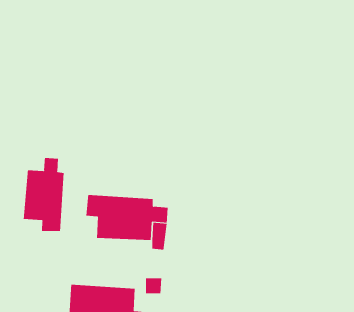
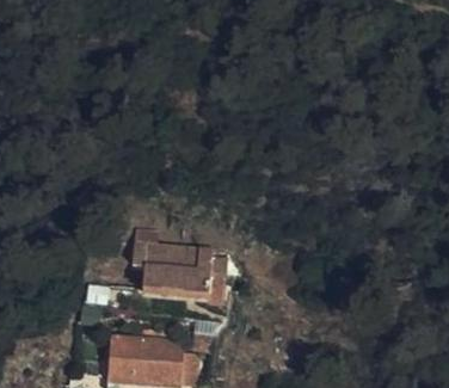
building: [23,157,64,232] -> none

